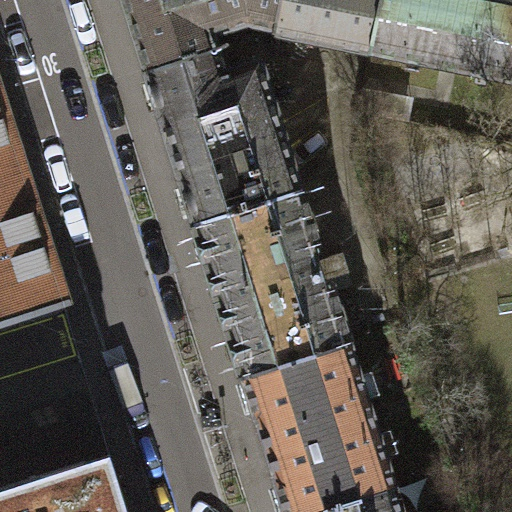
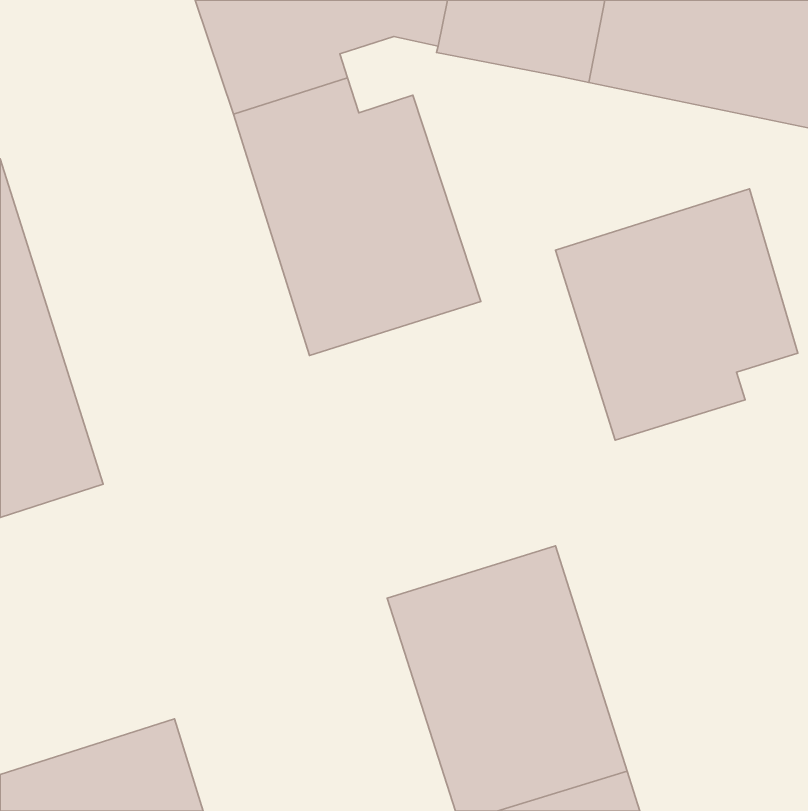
building: none -> [555,189,798,440]
building: [197,190,354,377] -> none

